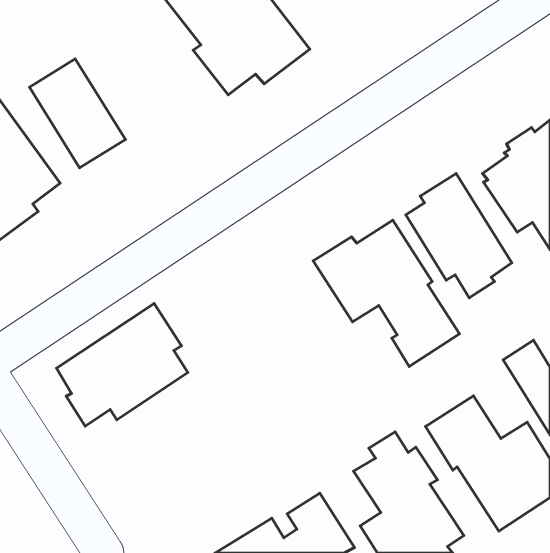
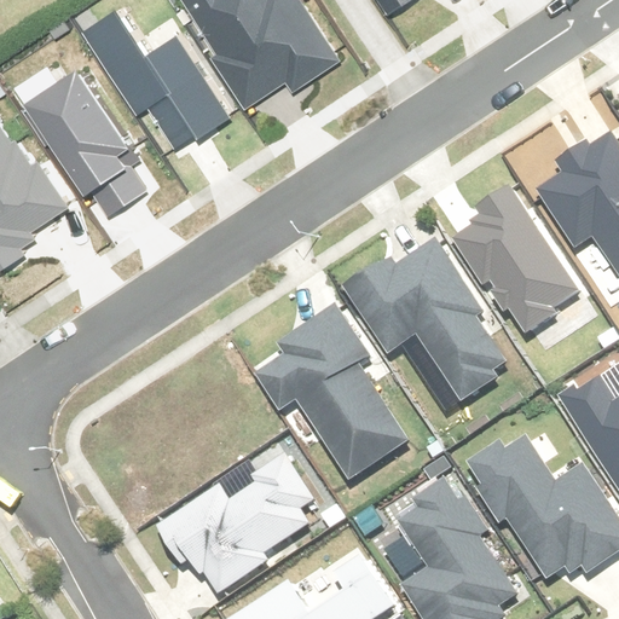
building: none -> [86,6,233,147]
building: none -> [258,310,407,481]
building: [56,304,188,426] -> none
building: none -> [154,450,314,594]

